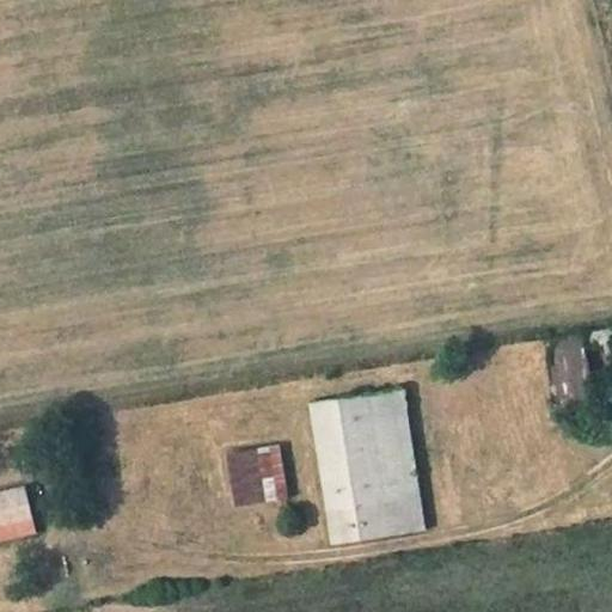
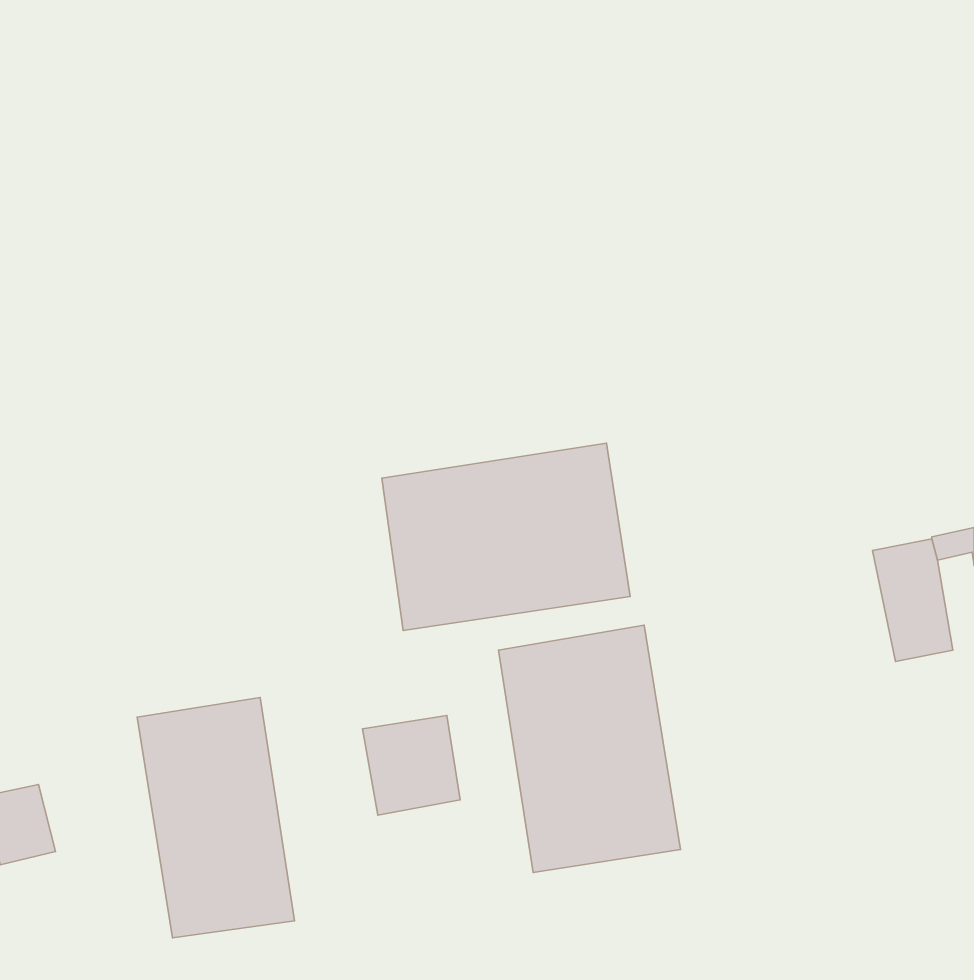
building: none -> [382,443,630,630]
building: none -> [137,698,295,938]

